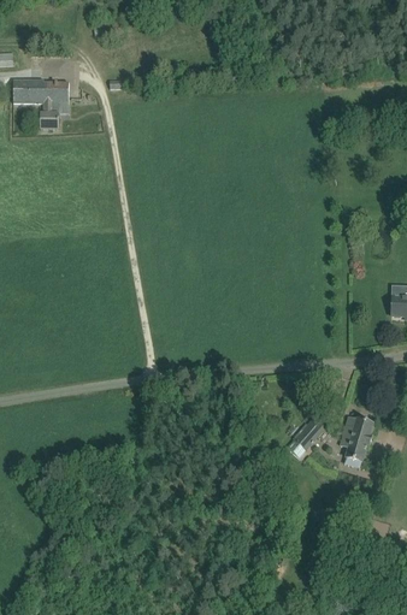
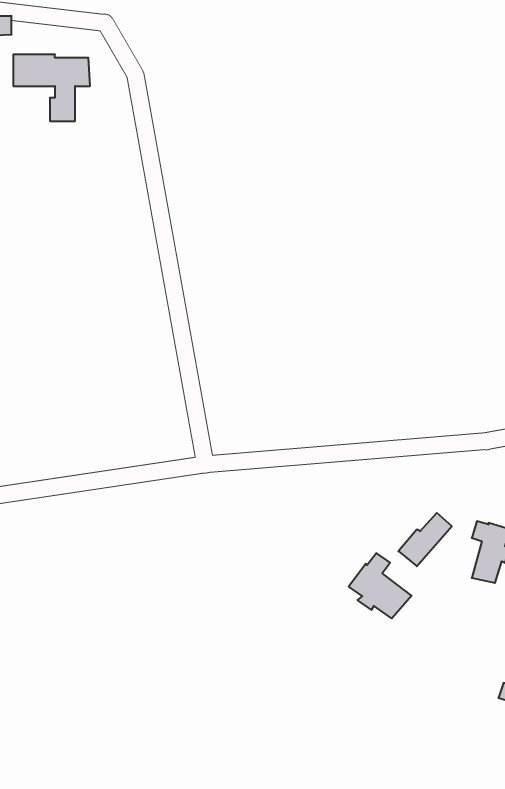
building: none -> [349,553,412,618]

